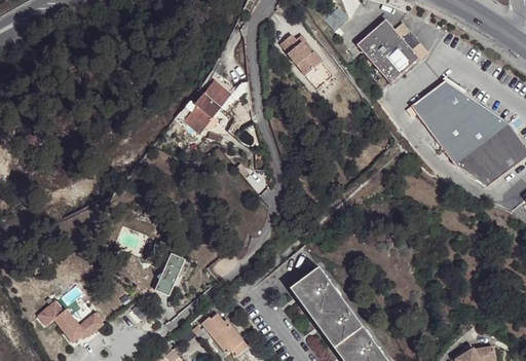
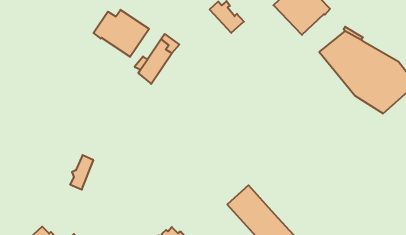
building: none -> [93,10,149,57]
building: [153,256,184,299] -> [70,155,93,190]

